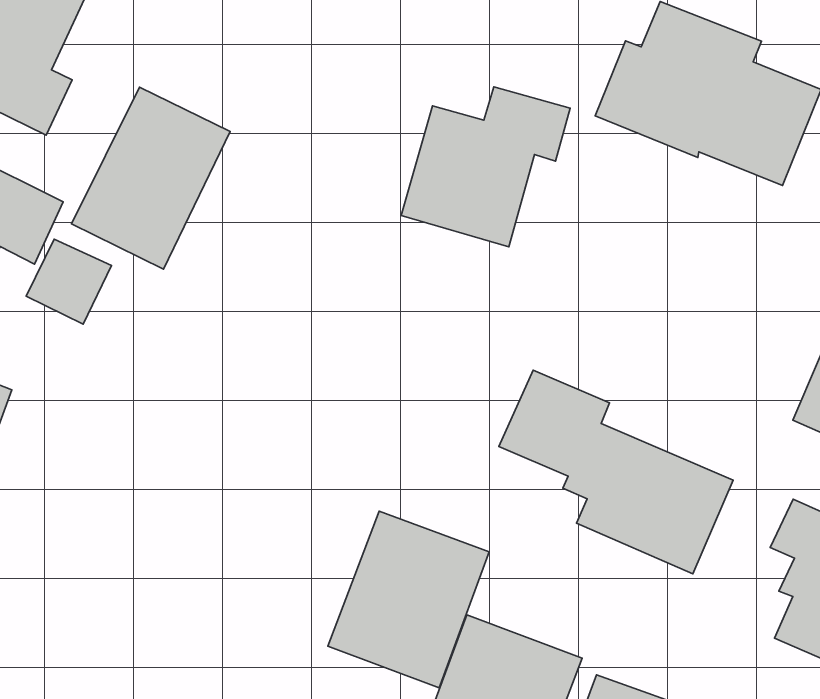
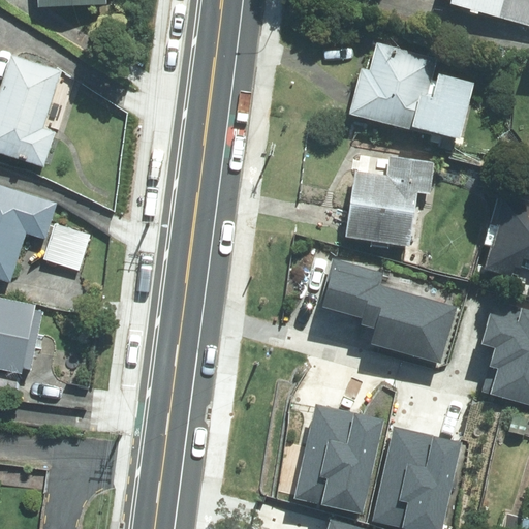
building: [401,87,570,247] -> [346,156,433,245]
building: [72,87,230,269] -> none
building: [328,511,489,688] -> none

